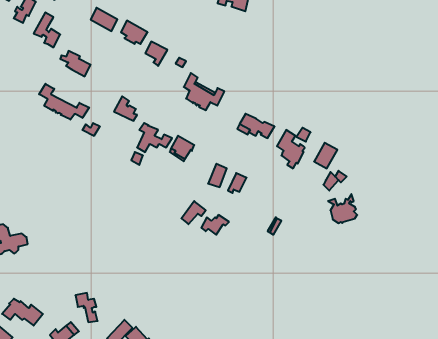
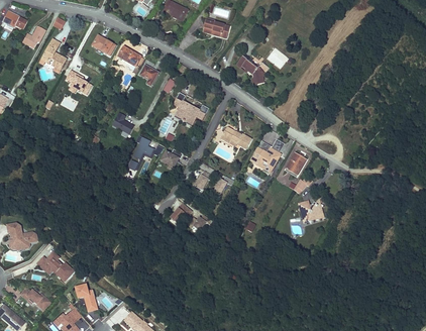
building: none -> [236,52,269,84]
building: [39,84,89,120] -> none
building: none -> [37,250,74,280]

